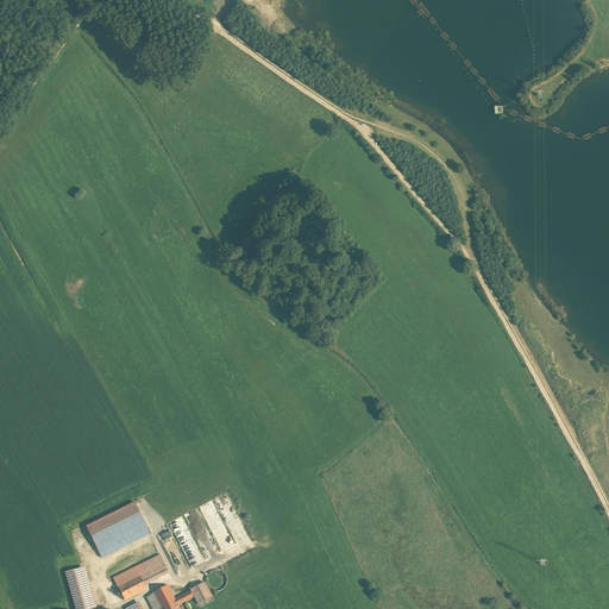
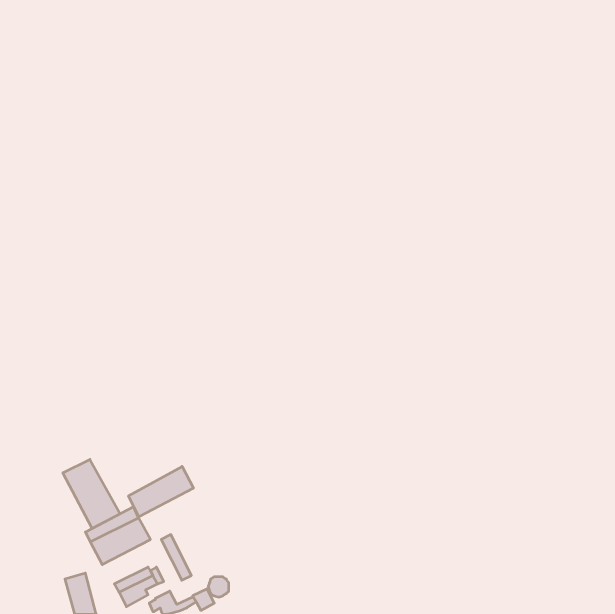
building: none -> [63,459,120,529]
building: none -> [129,466,193,517]

